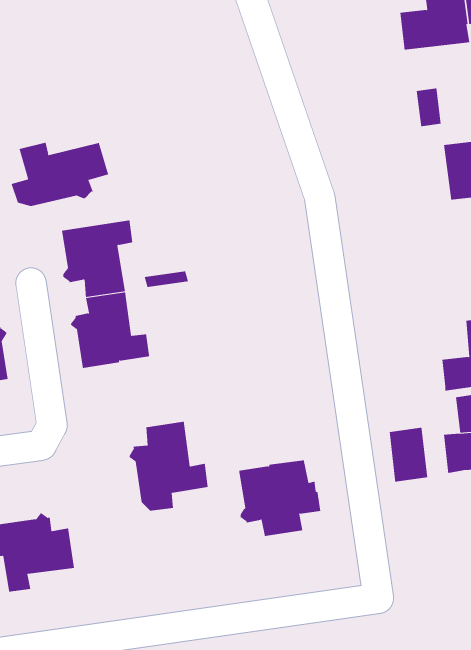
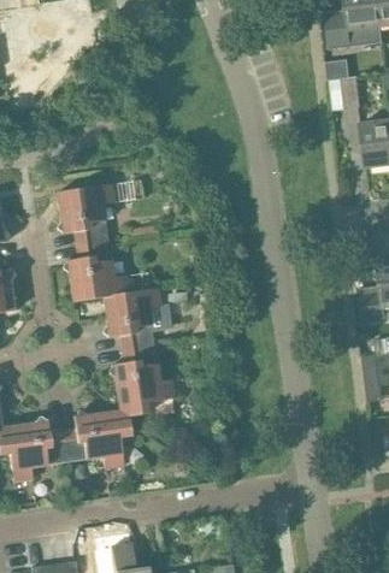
building: [11,142,109,207] -> none
building: [389,427,428,482] -> none
building: [238,460,321,537] -> [102,288,169,349]
building: none -> [61,409,130,468]

